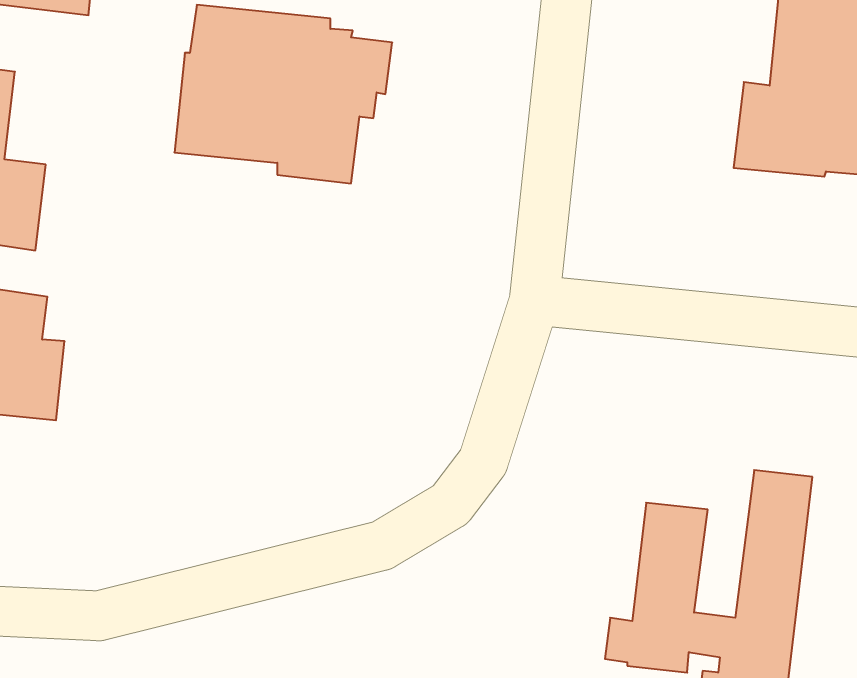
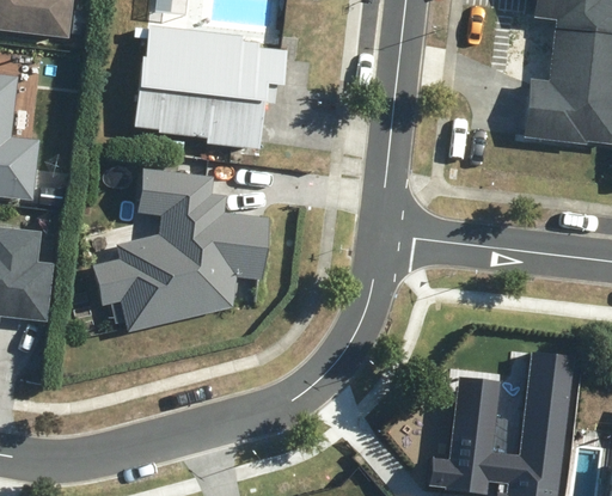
building: none -> [88,171,265,333]

